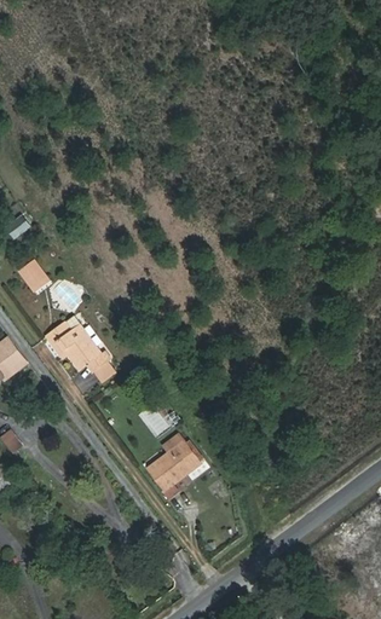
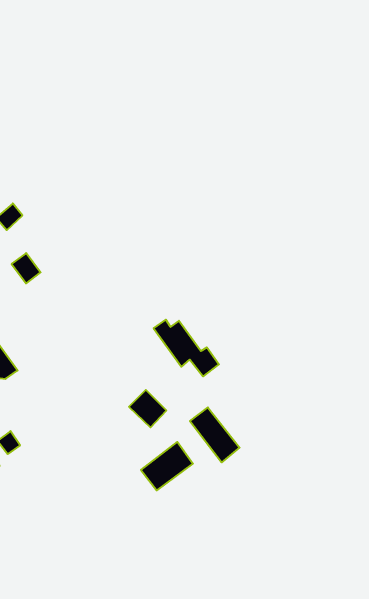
building: [47,323,112,380] -> [154,320,219,376]
building: none -> [190,407,240,462]

